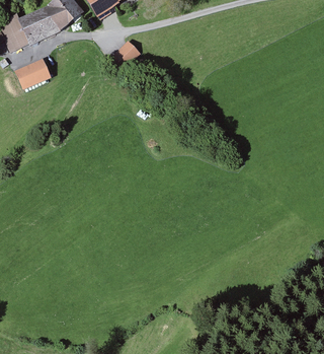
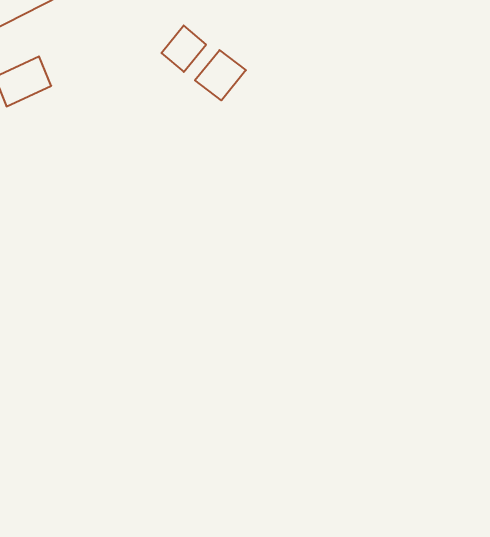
building: none -> [195,50,246,100]

